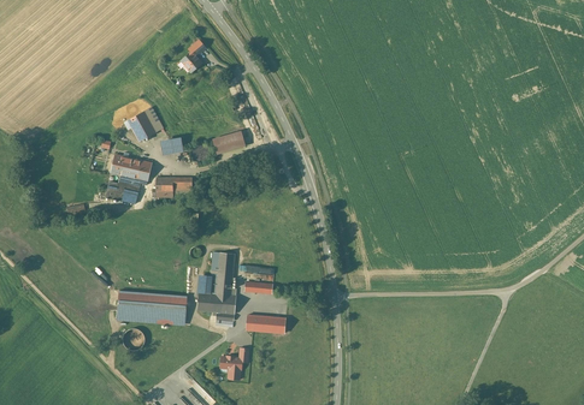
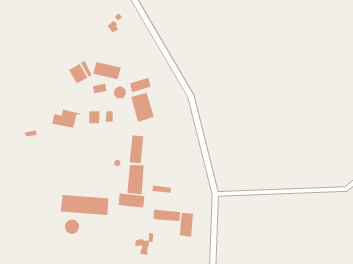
building: none -> [130,92,155,123]
building: [111,155,152,181] -> [92,61,122,80]
building: none -> [129,134,144,164]
building: none -> [179,212,194,238]

